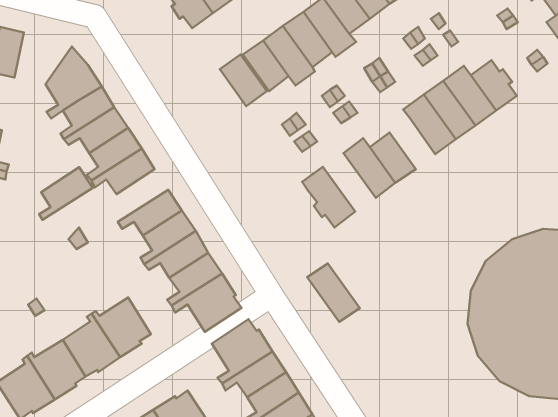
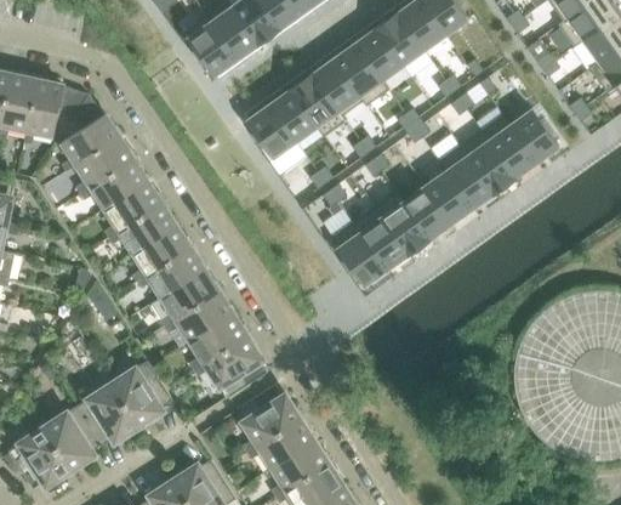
building: none -> [24,80,89,143]
building: none -> [425,171,473,225]
building: [39,167,93,220] -> [133,225,190,280]
building: [307,263,360,322] -> [354,208,410,269]

